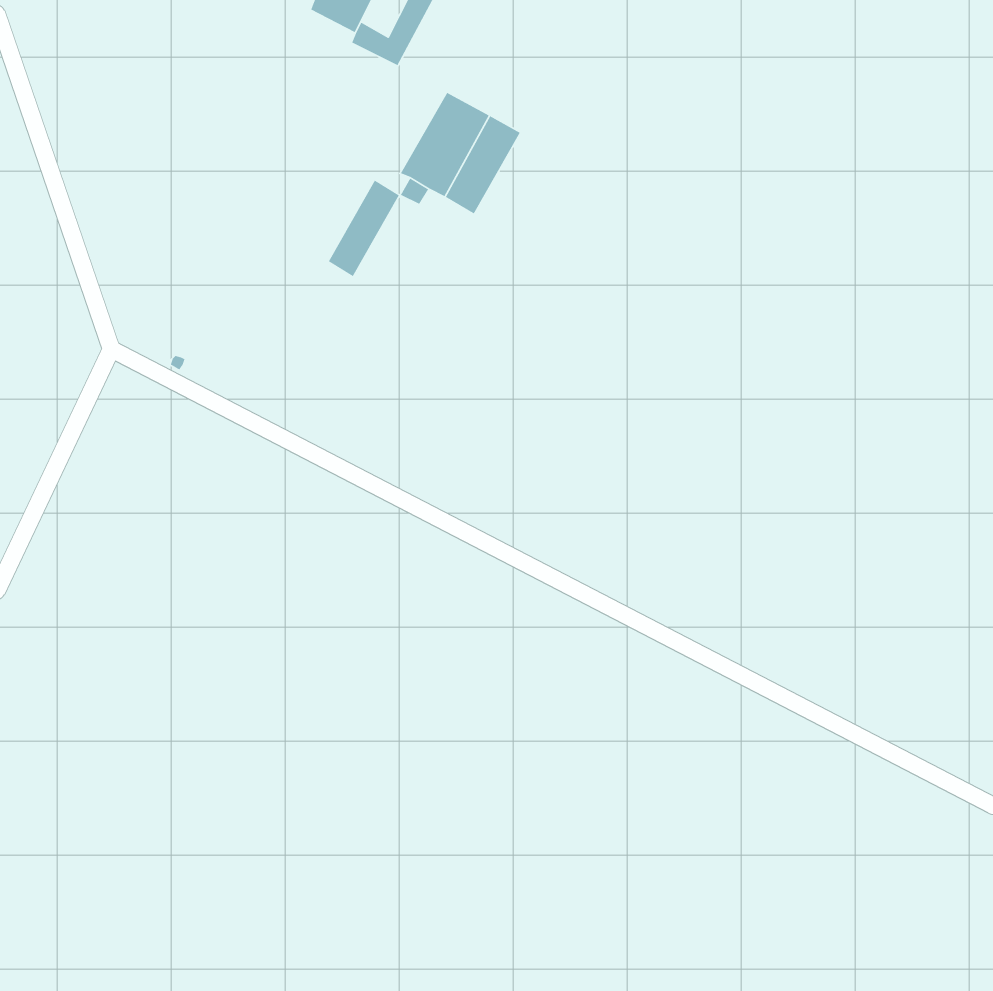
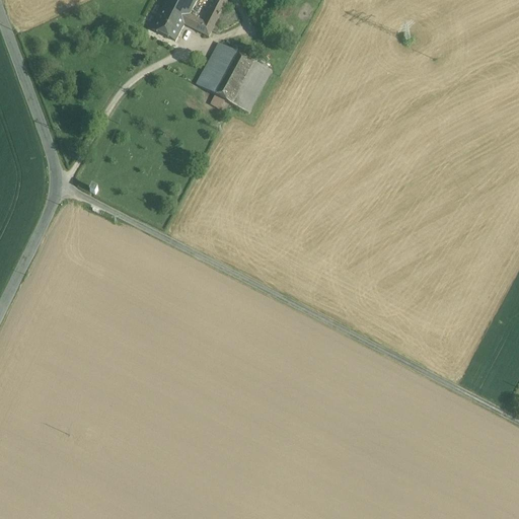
building: none -> [150,5,184,39]
building: [328,179,400,277] -> [195,40,232,90]

